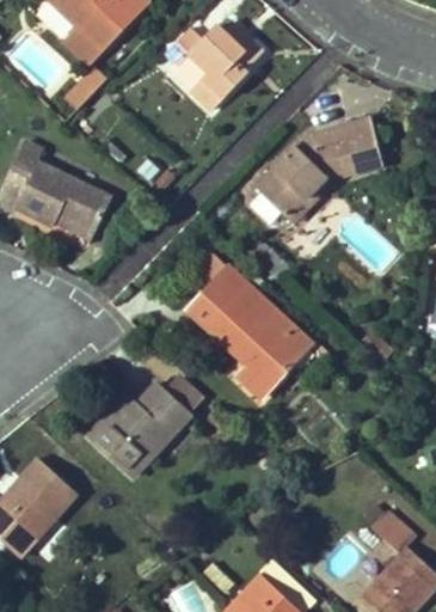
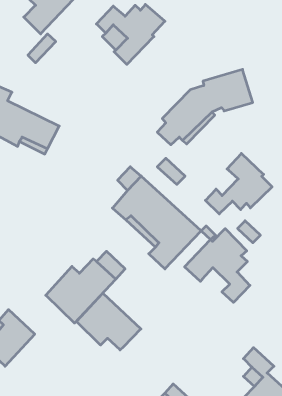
building: none -> [205,153,272,214]
building: none -> [185,229,250,302]
building: none -> [77,293,141,350]

